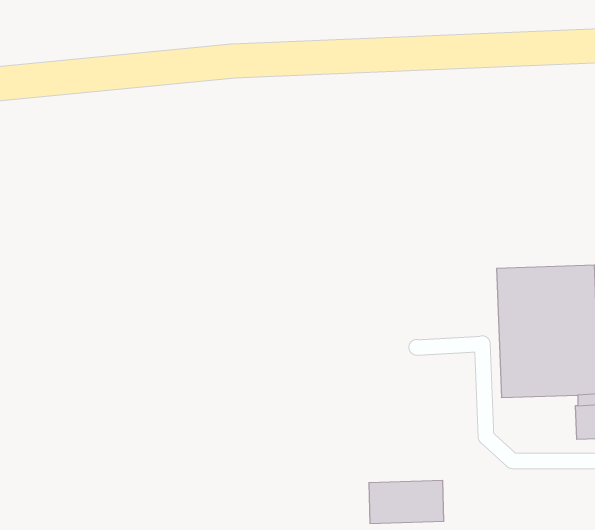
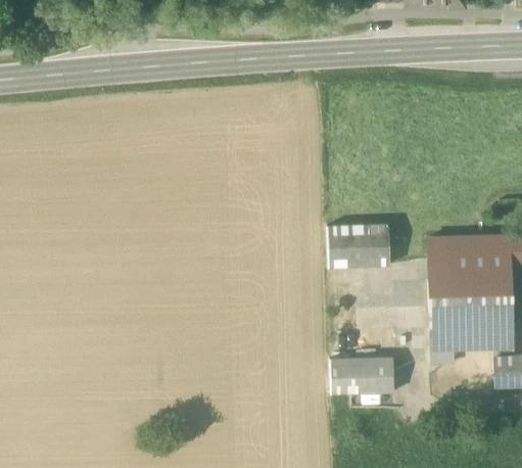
building: none -> [329,223,391,266]
building: [369,480,444,523] -> [332,357,396,393]

